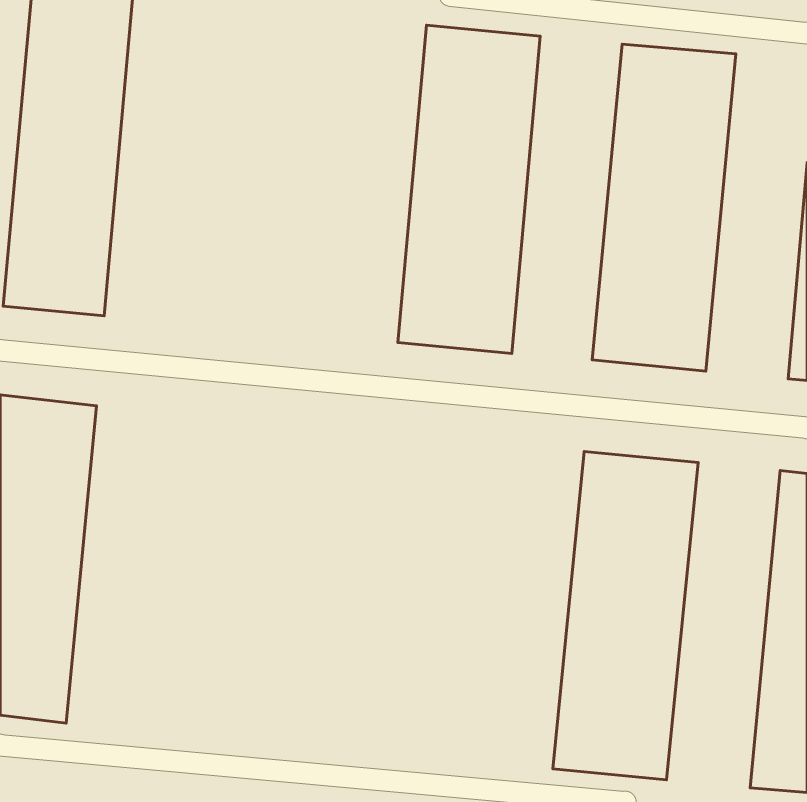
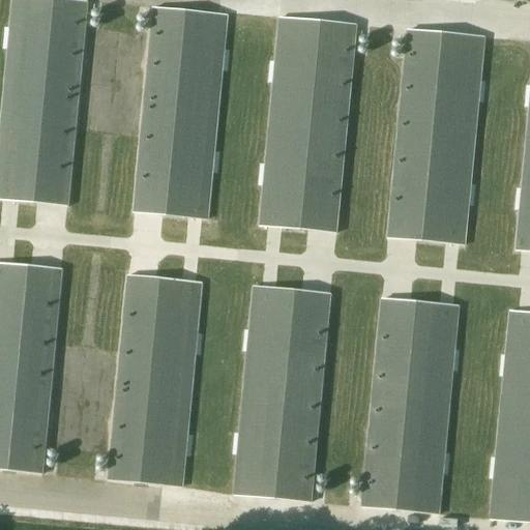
building: none -> [134,5,219,219]
building: none -> [110,272,195,487]
building: none -> [238,285,330,499]

